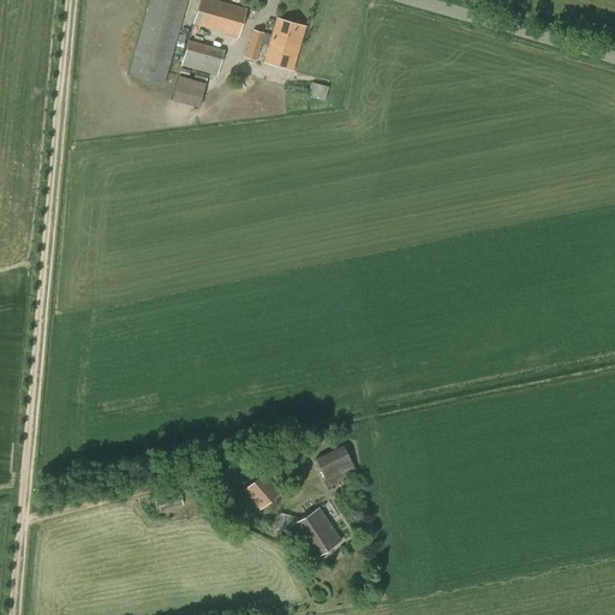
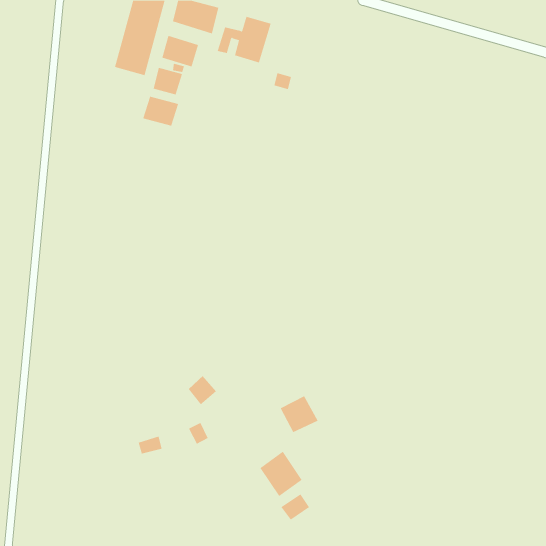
building: none -> [143,96,179,127]
building: [245,473,277,507] -> [188,375,217,405]
building: none -> [281,494,310,521]

